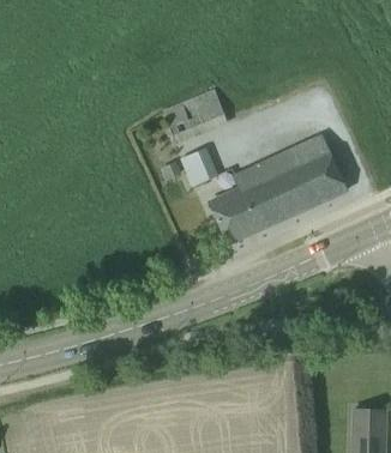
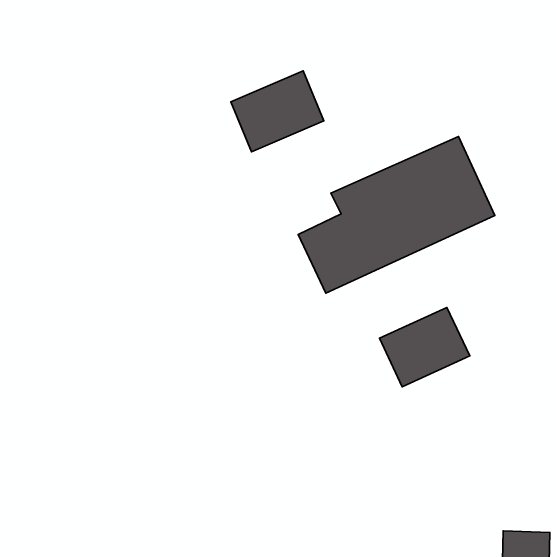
building: [181,149,217,186] -> none
building: none -> [379,307,470,387]

